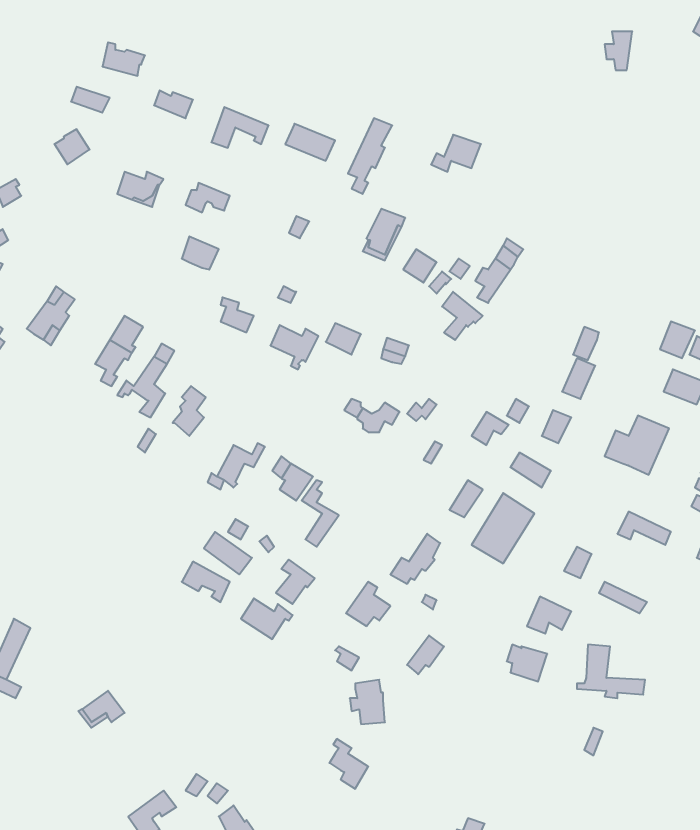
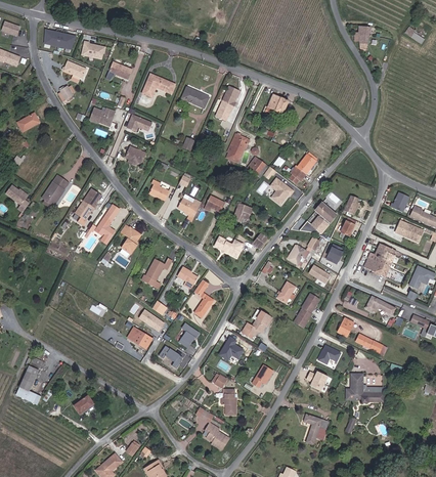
building: none -> [42,29,76,51]
building: none -> [297,200,332,232]
building: none -> [302,414,326,443]

